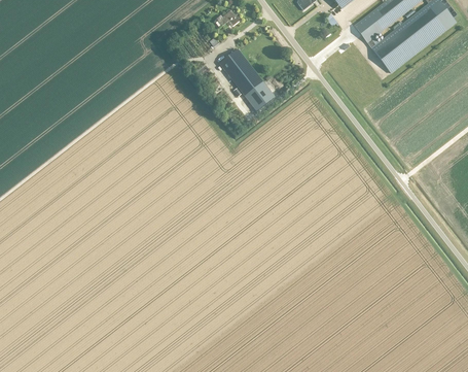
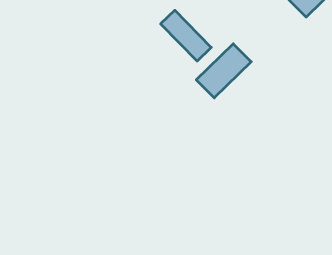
building: none -> [196,44,251,98]

